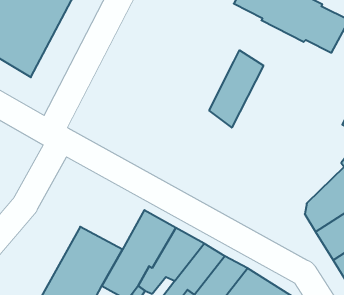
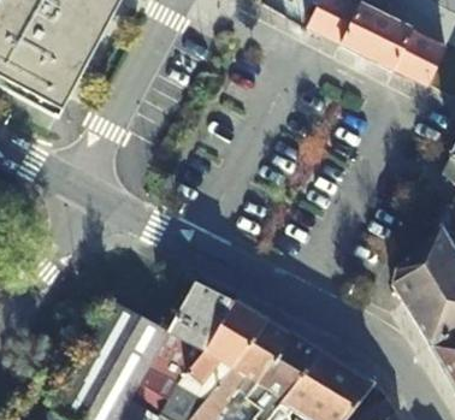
building: [209,50,263,128] -> none

